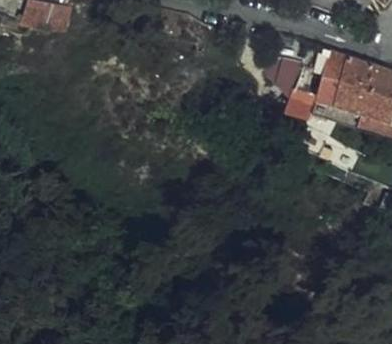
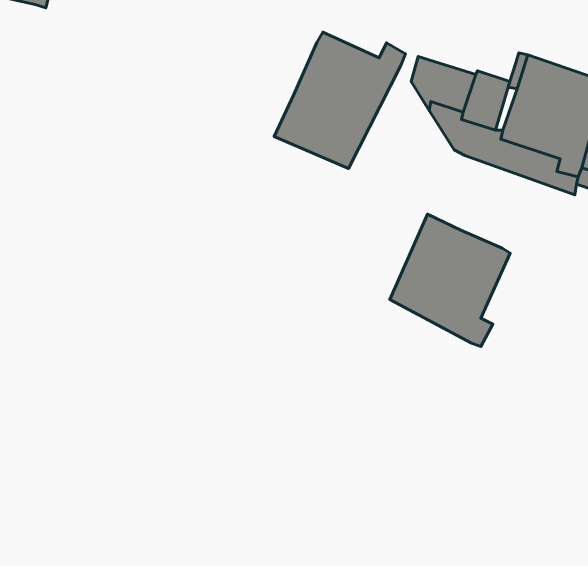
building: none -> [274,32,406,169]
building: none -> [390,214,510,347]

